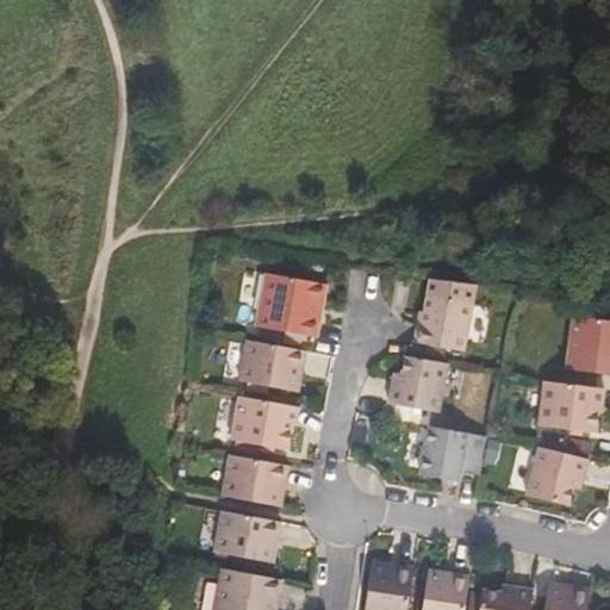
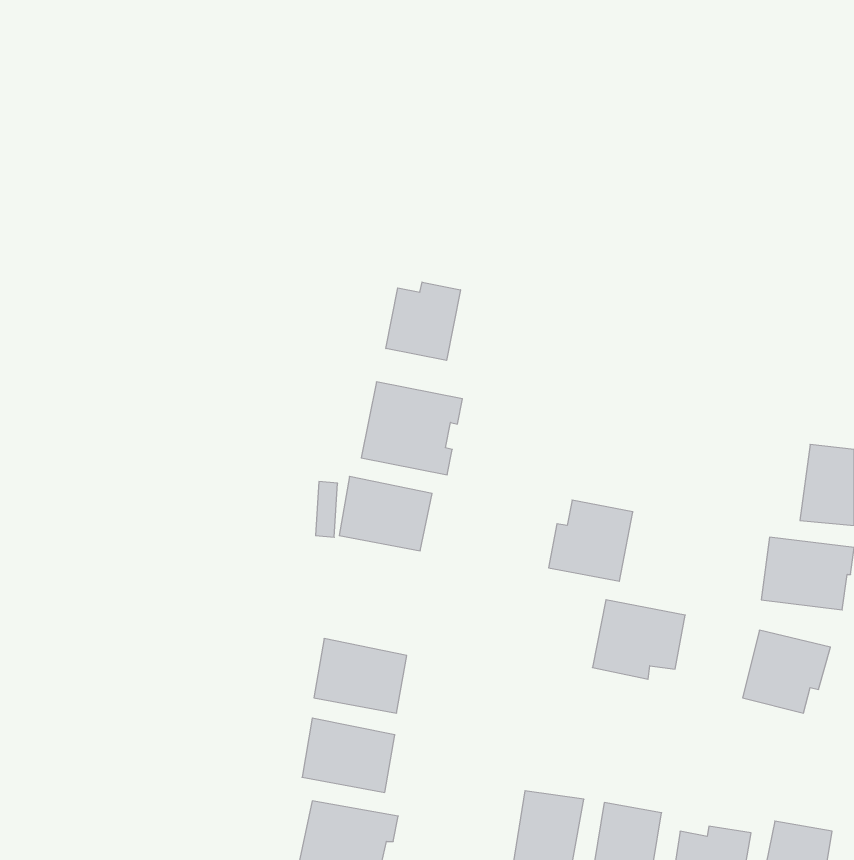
building: none -> [386,282,460,360]
building: [413,293,472,351] -> none
building: [230,394,298,449] -> none

